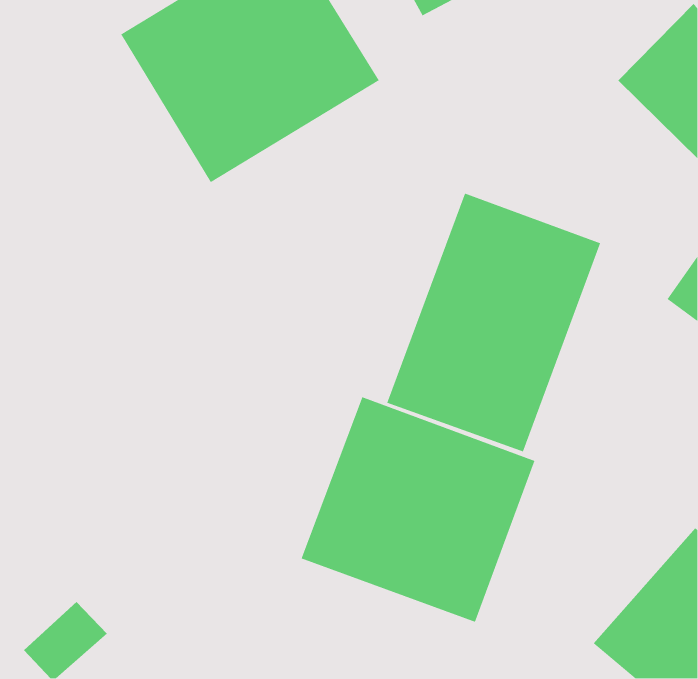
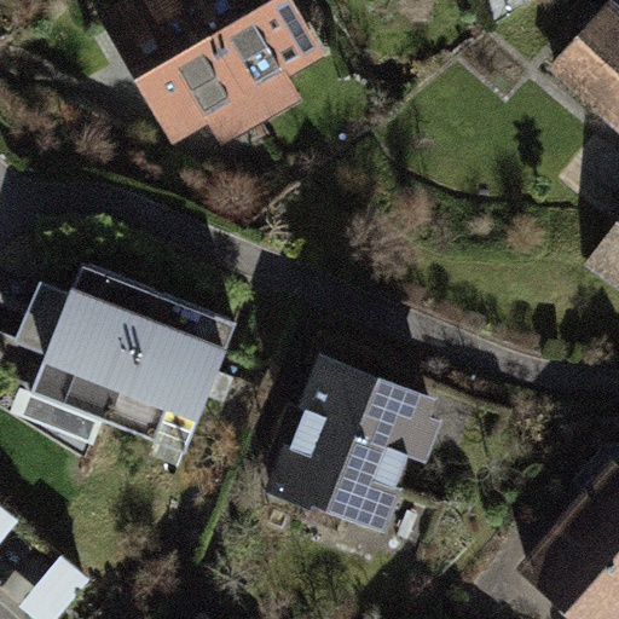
building: [386,192,601,452] -> none
building: none -> [22,261,245,465]

